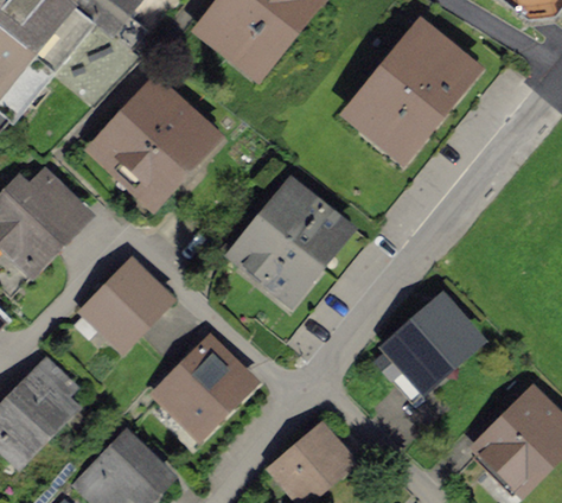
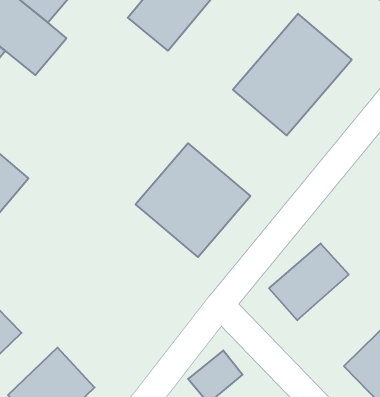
building: [95,78,212,196] -> none
building: [88,261,167,342] -> none
building: [164,337,251,425] -> none

